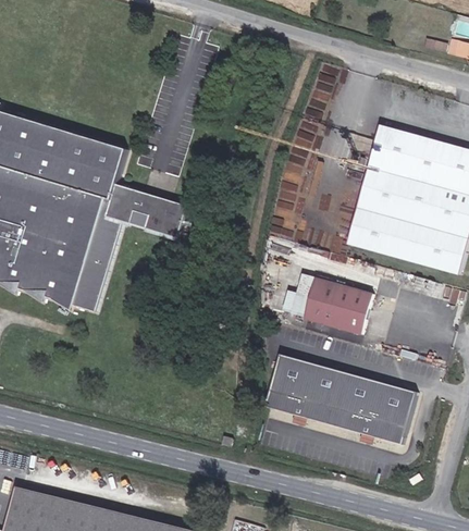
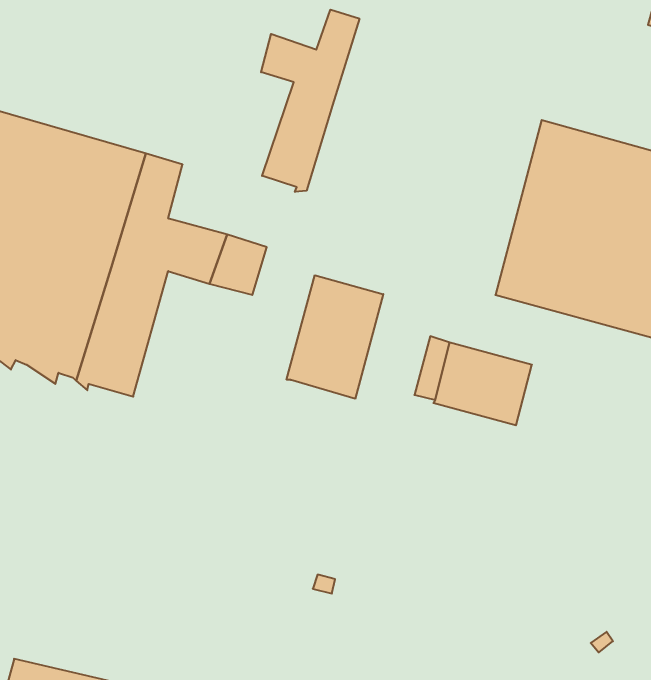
building: none -> [261,10,359,192]
building: none -> [287,275,383,399]
building: [263,351,416,442] -> none

